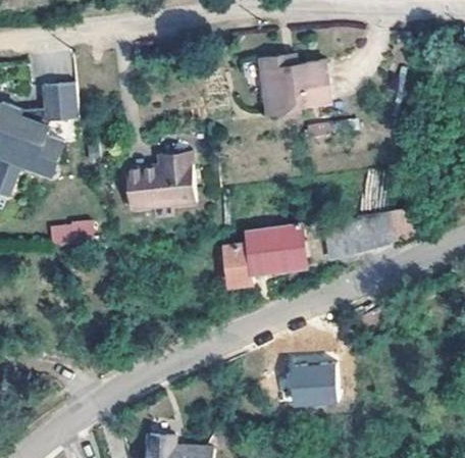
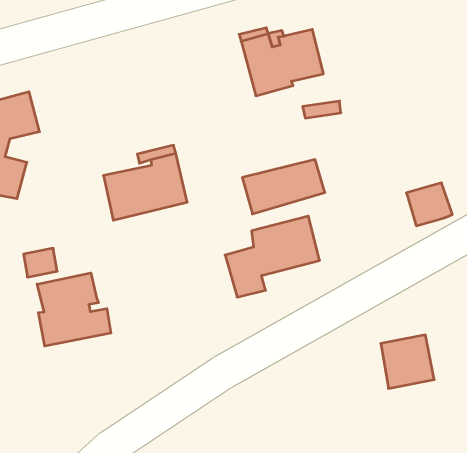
building: [322,212,393,253] -> [242,160,325,214]
building: none -> [37,273,111,346]
building: [294,365,337,408] -> [381,335,434,388]

